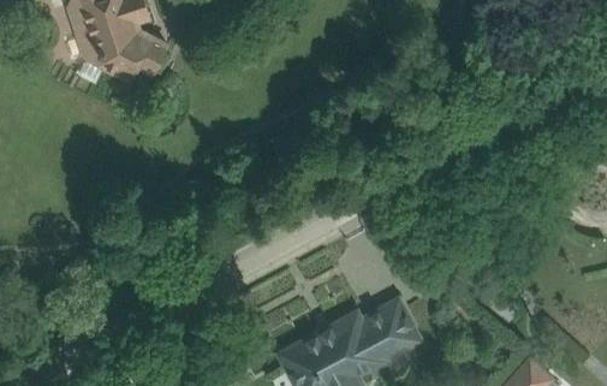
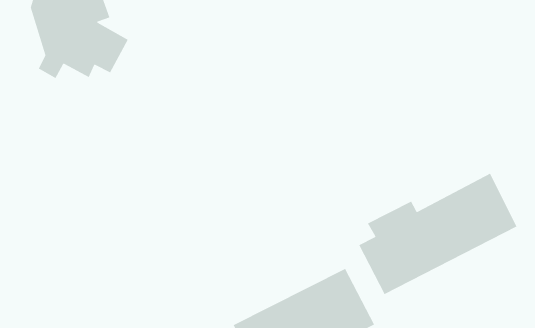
building: none -> [358,173,518,295]

